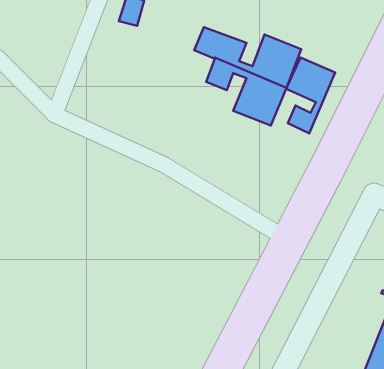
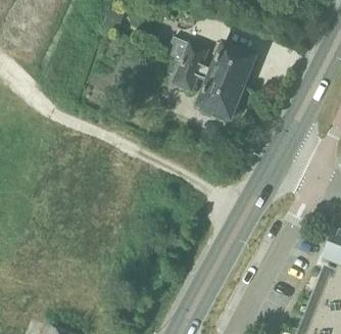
building: [286,58,335,134] -> none

